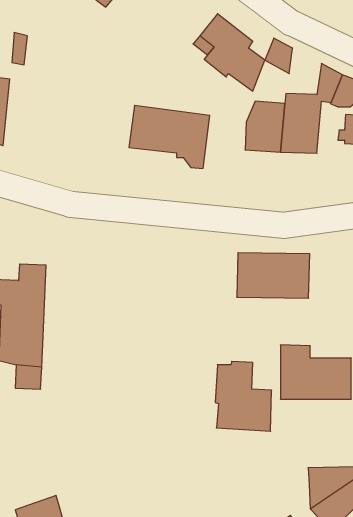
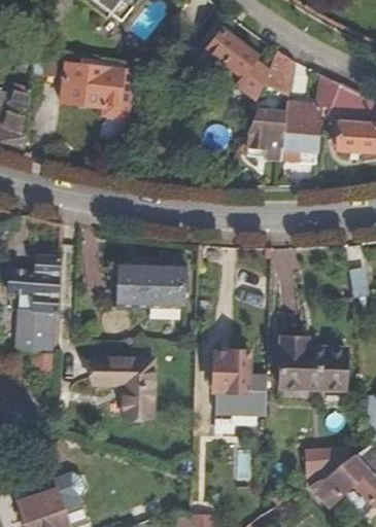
building: [129,105,210,168] -> [57,61,132,119]
building: [237,253,310,298] -> [119,264,187,306]
building: none -> [95,359,156,418]

